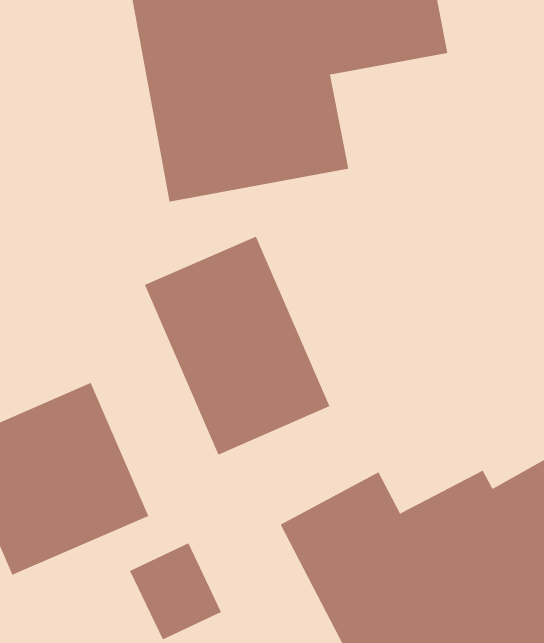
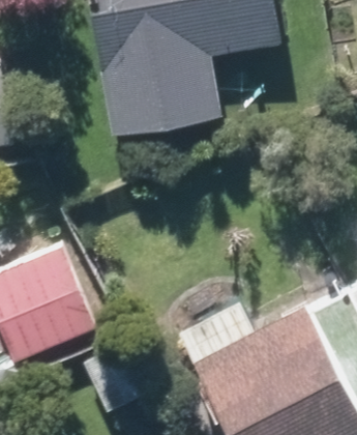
building: [144,236,330,455] -> none

